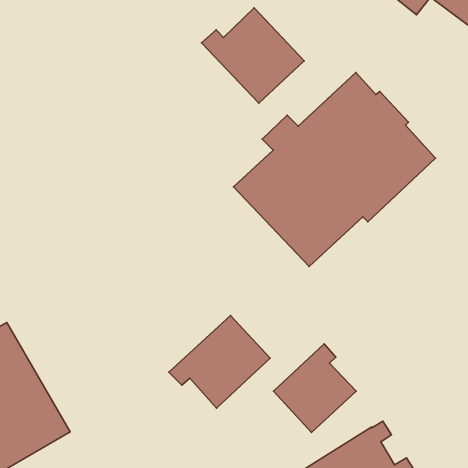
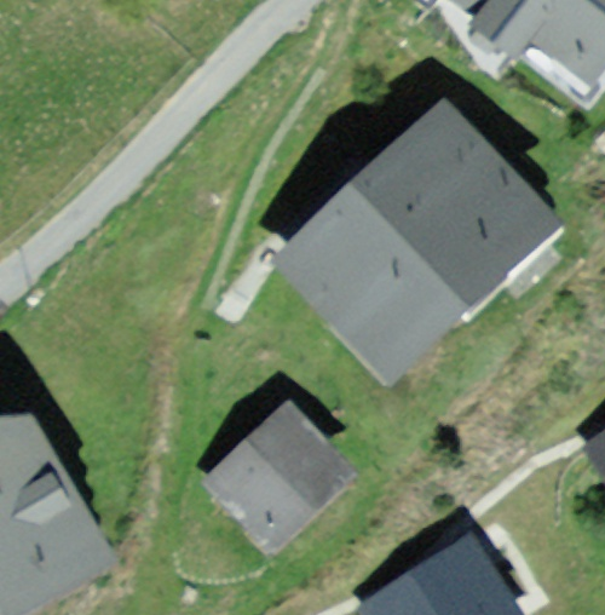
building: [202,8,304,103] -> none
building: [273,344,356,433] -> none

